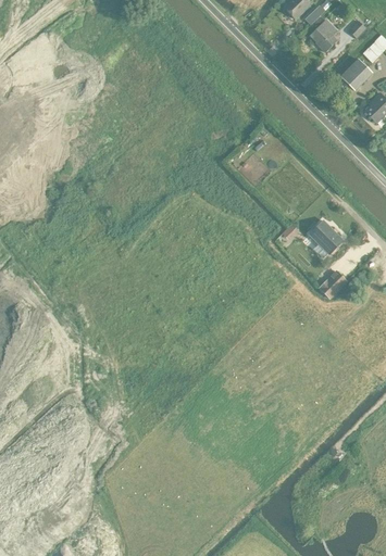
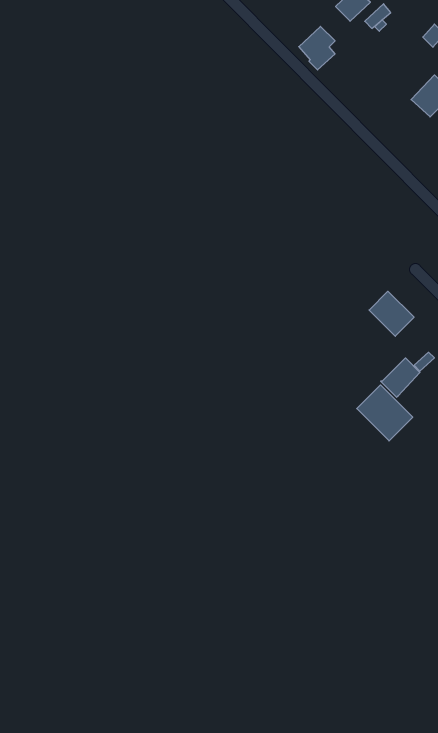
building: [310,20,337,52] -> [299,26,335,70]
building: none -> [357,385,413,441]

